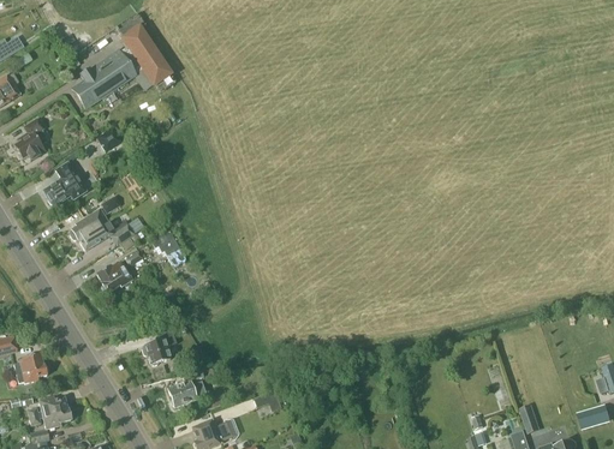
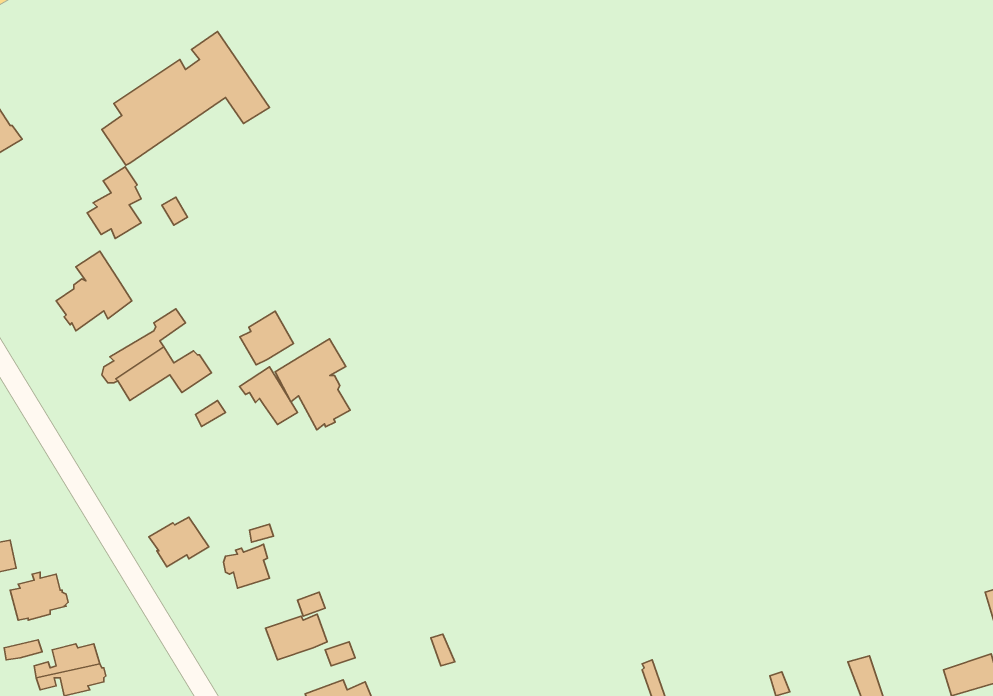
building: [13,118,46,161] -> [87,167,141,239]
building: none -> [240,311,294,365]
building: none -> [275,339,350,430]
building: [96,262,132,292] -> [149,517,209,567]

